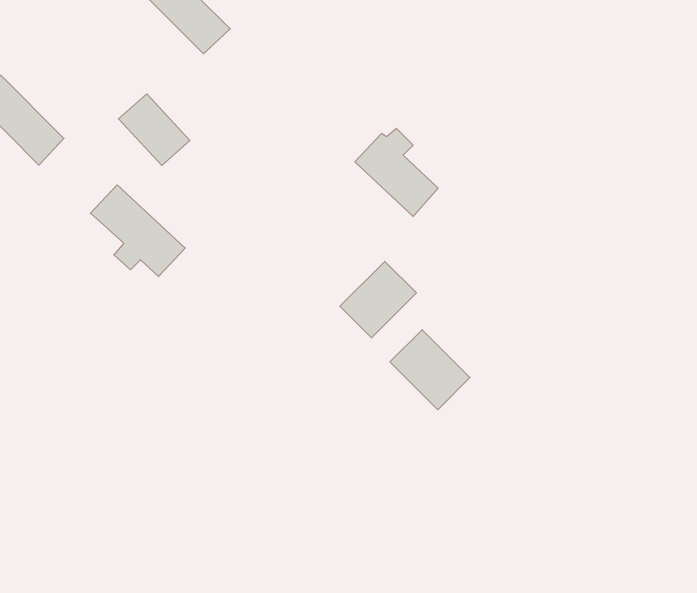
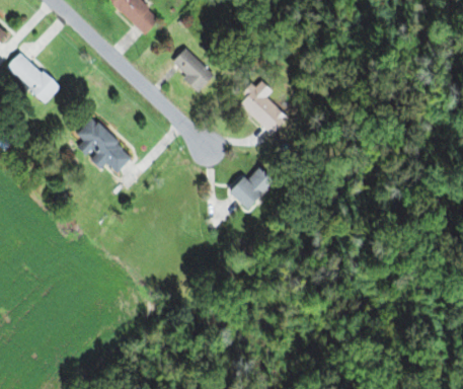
building: [118,94,190,165] -> [170,49,214,92]
building: [390,330,470,410] -> none

